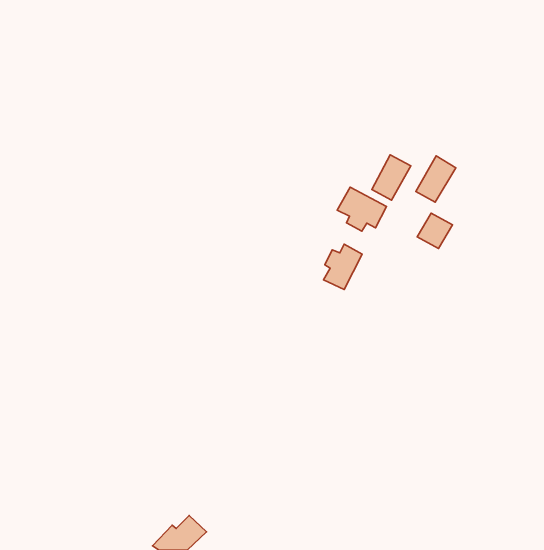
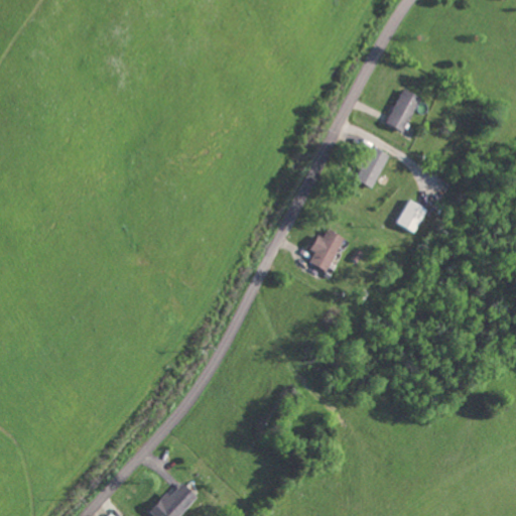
building: [416,156,456,202] -> [385,88,422,131]
building: [337,187,387,231] -> none

